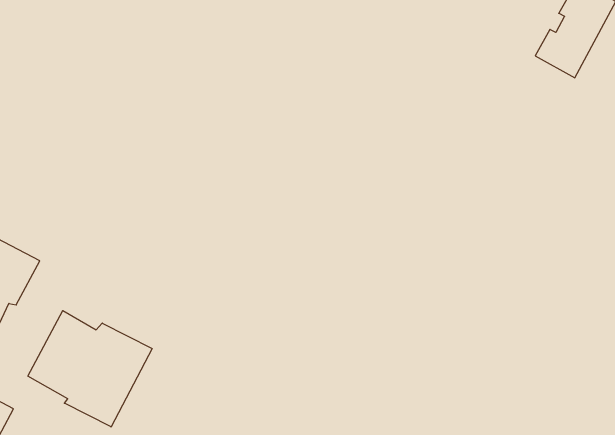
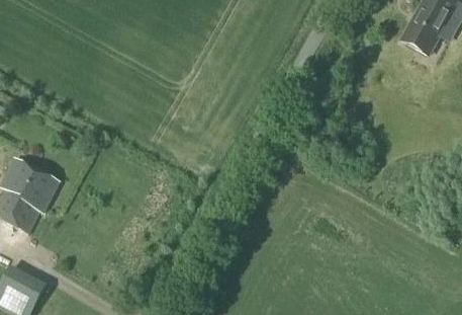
building: [28,311,152,427] -> none

